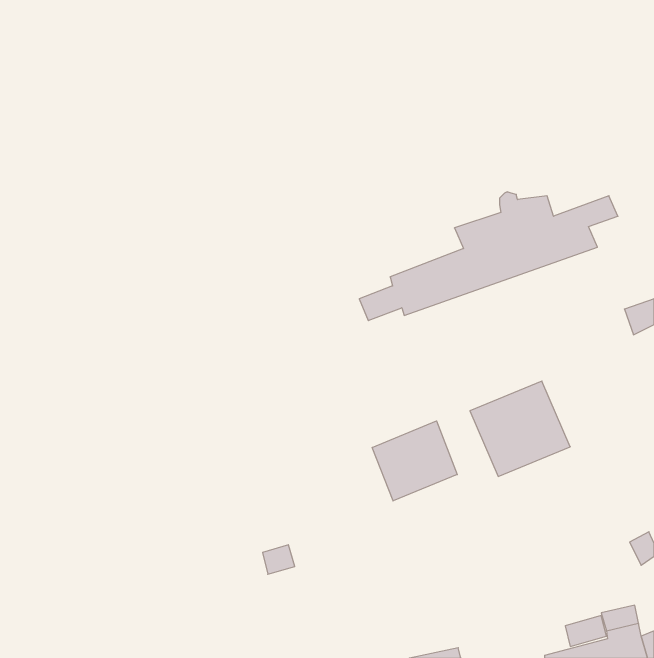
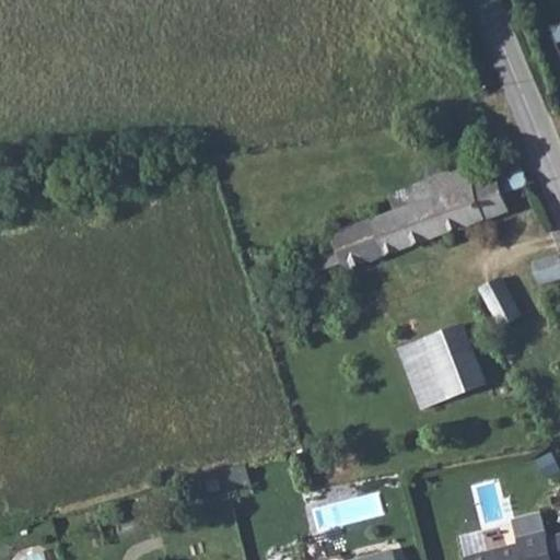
building: none -> [477,279,517,326]
building: [372,421,457,501] -> none

